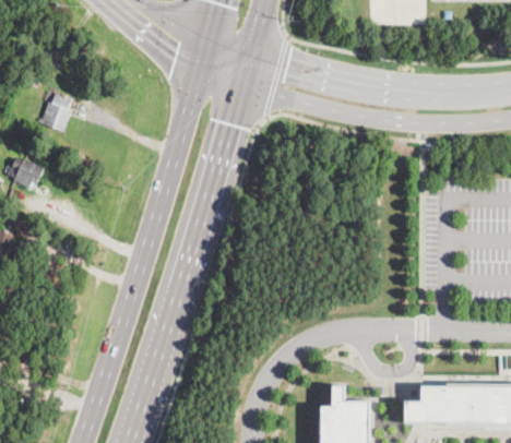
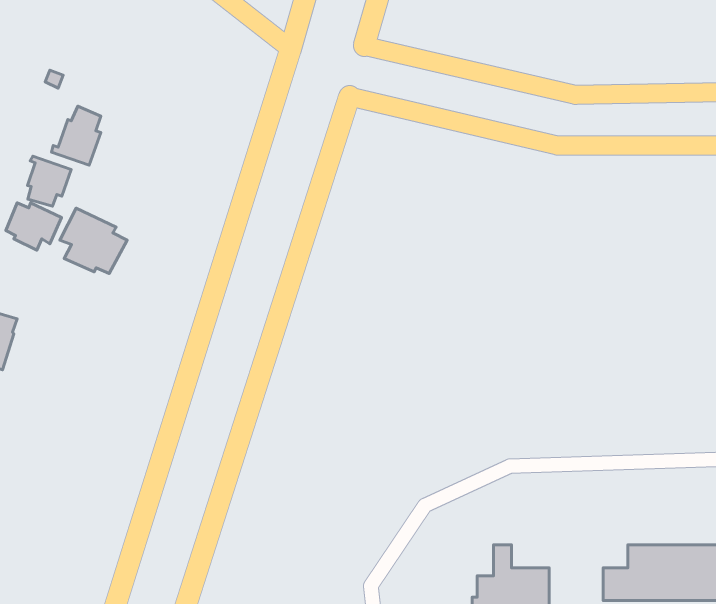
building: none -> [27,156,71,206]
building: none -> [60,208,127,274]

